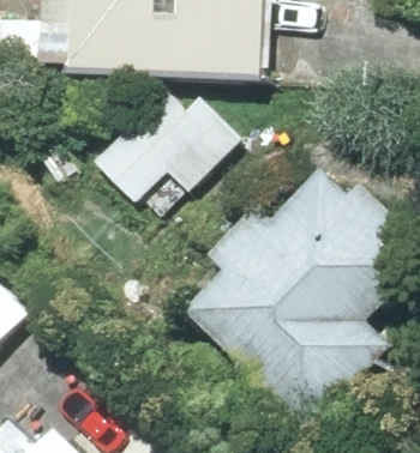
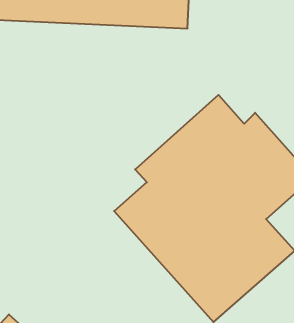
building: [90,83,233,224] -> none

